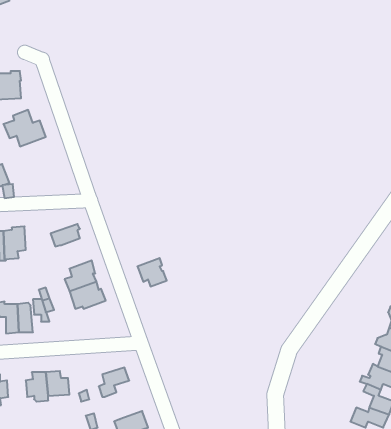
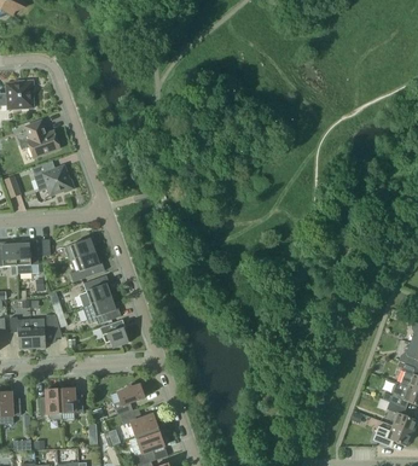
building: none -> [31,162,74,194]
building: none -> [70,251,104,281]
building: [137,258,167,286] -> [99,319,129,348]
building: none -> [120,407,158,437]

